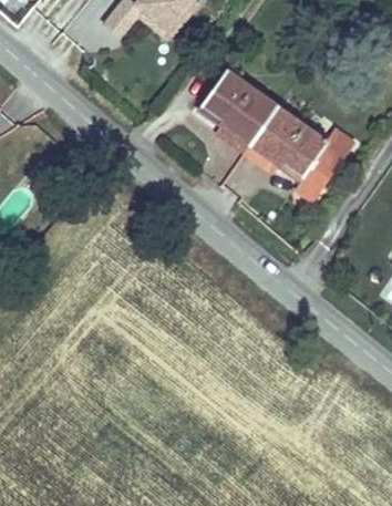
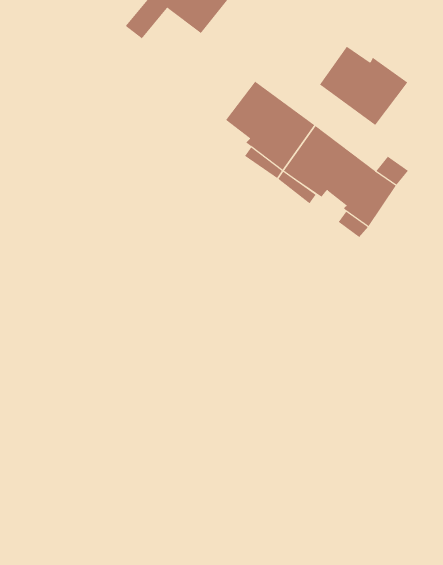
building: none -> [319,46,408,126]

